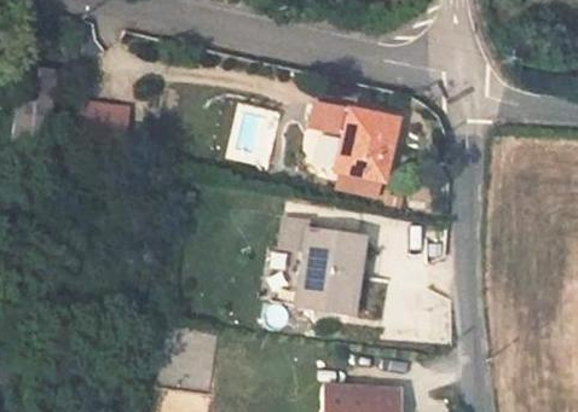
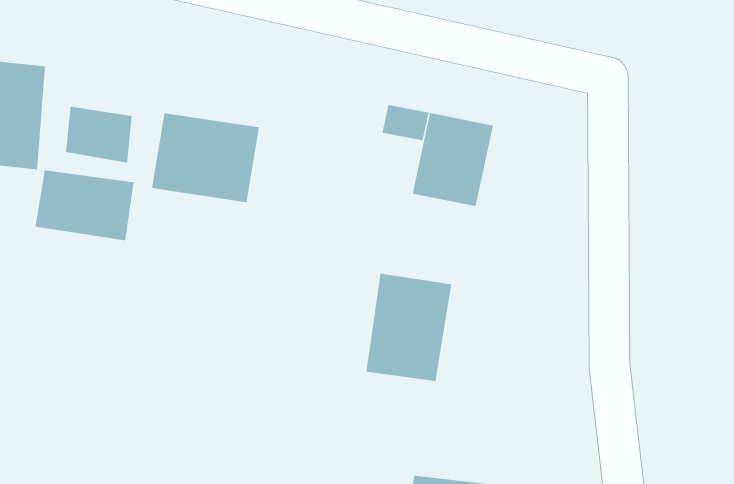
building: none -> [151,112,260,203]
building: none -> [35,169,134,241]

